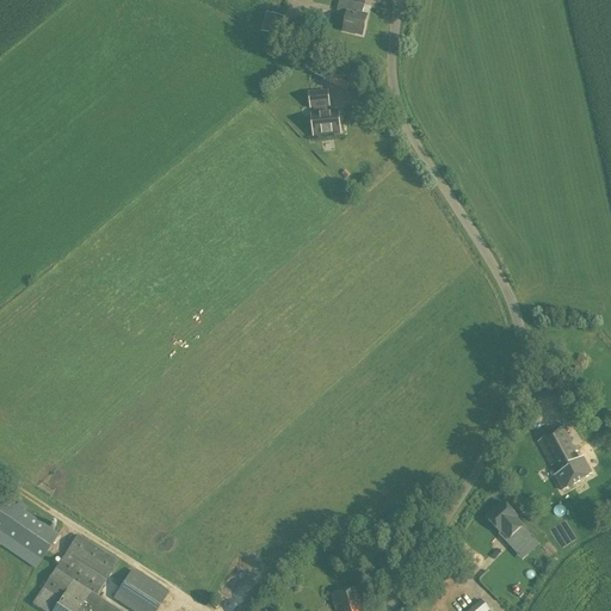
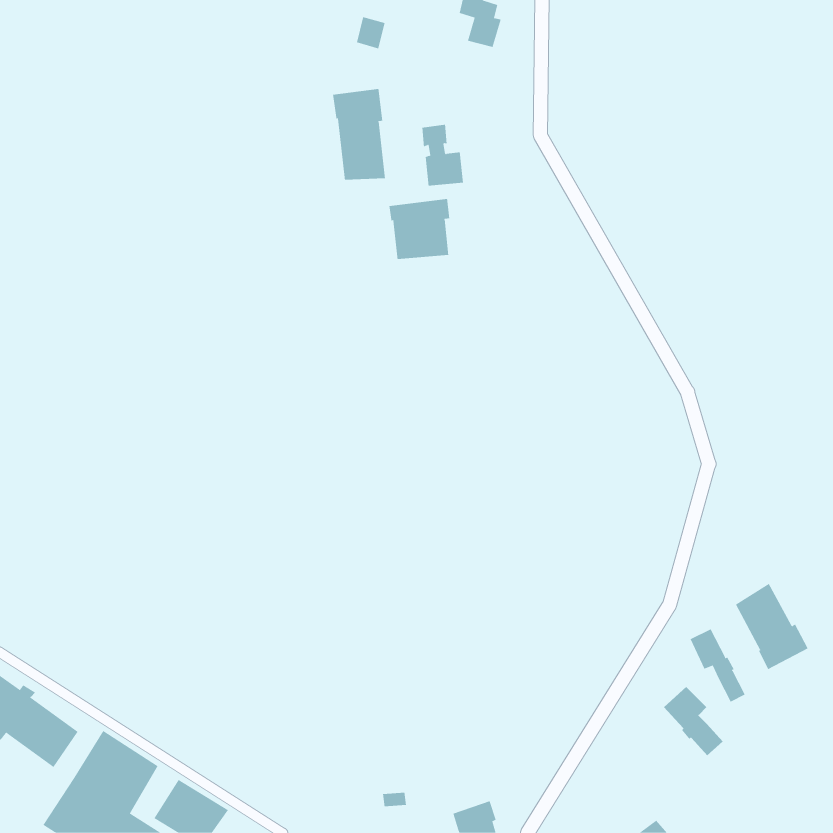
building: none -> [333,88,385,180]
building: none -> [389,198,450,260]
building: none -> [690,629,745,702]

